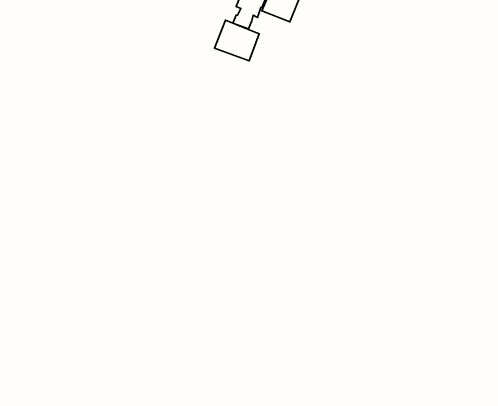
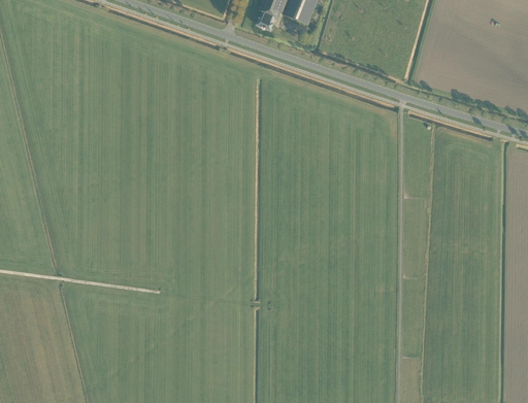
building: [215,20,259,61] -> none

